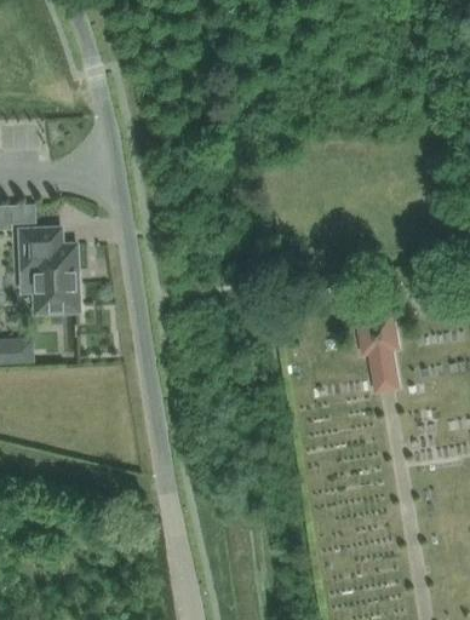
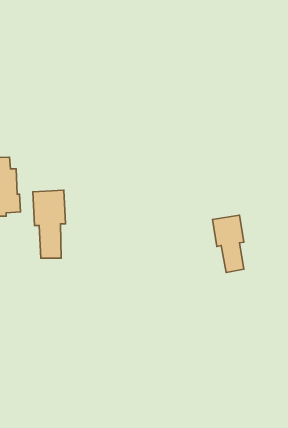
building: none -> [33,190,65,258]

